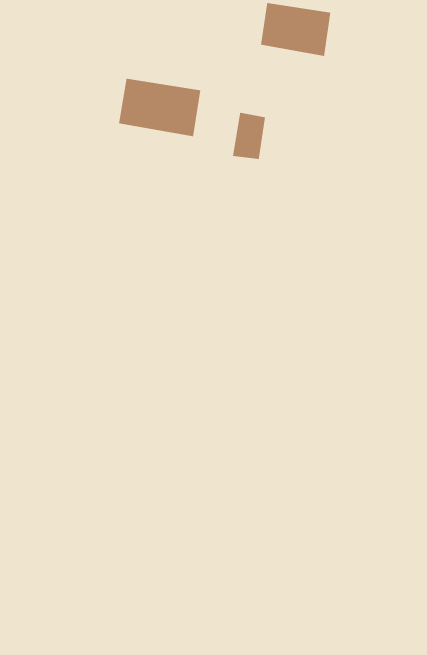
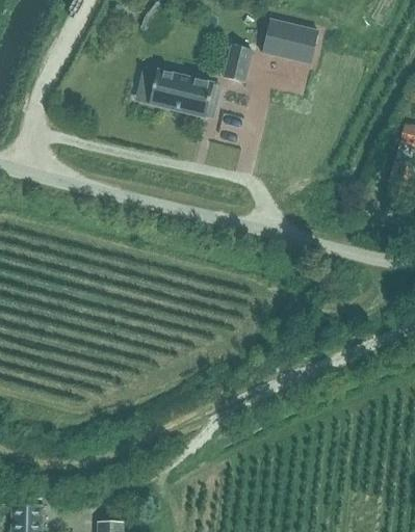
building: [232,112,266,160] -> [225,44,253,81]

